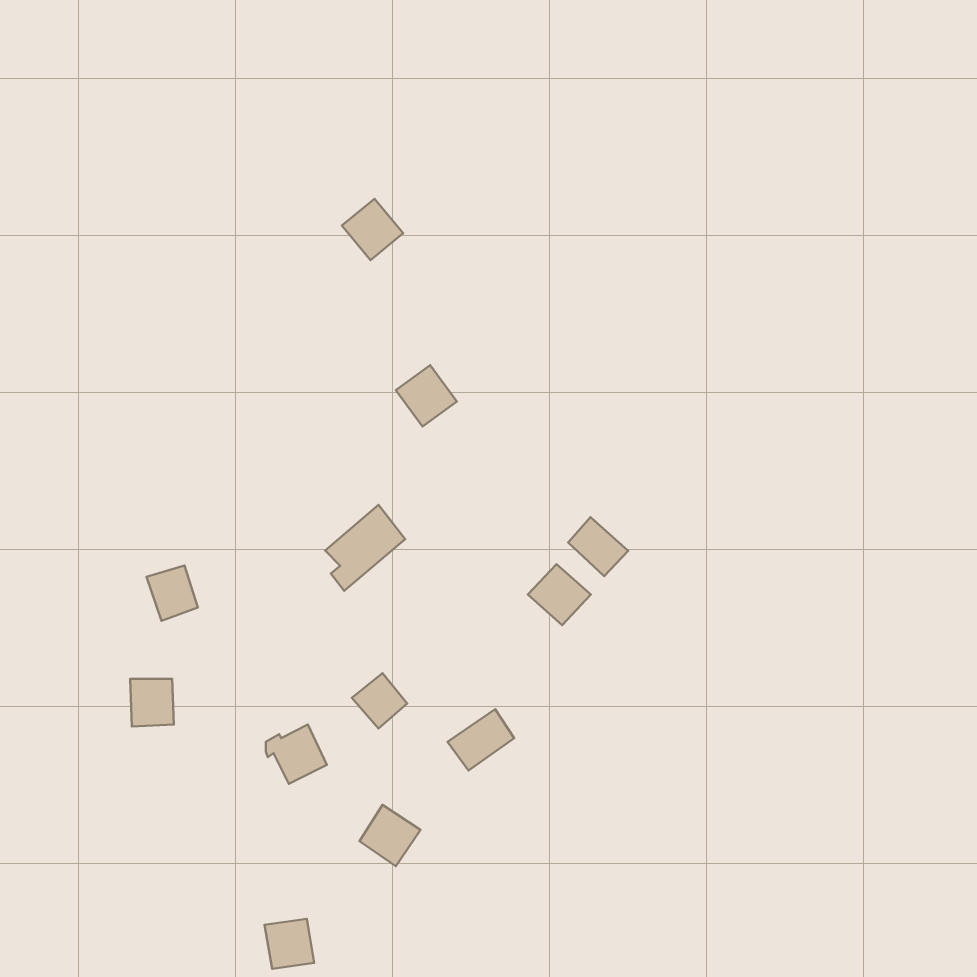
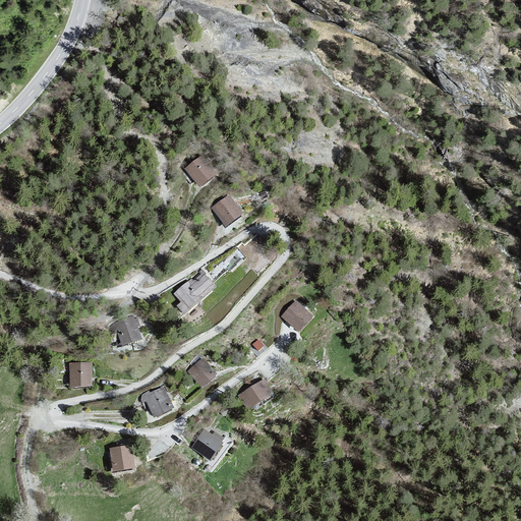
building: [342,199,403,260] -> [184,155,217,187]
building: [568,517,628,576] -> none
building: [146,565,198,621] -> [114,316,141,346]
building: [265,919,314,969] -> [109,445,135,471]

